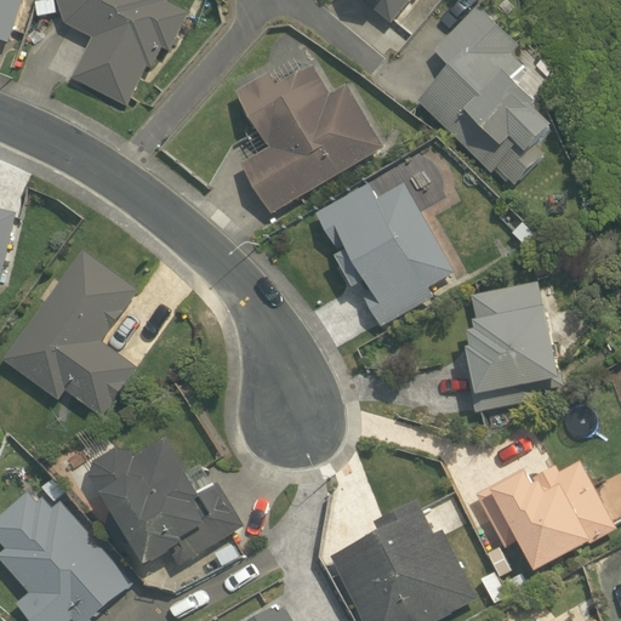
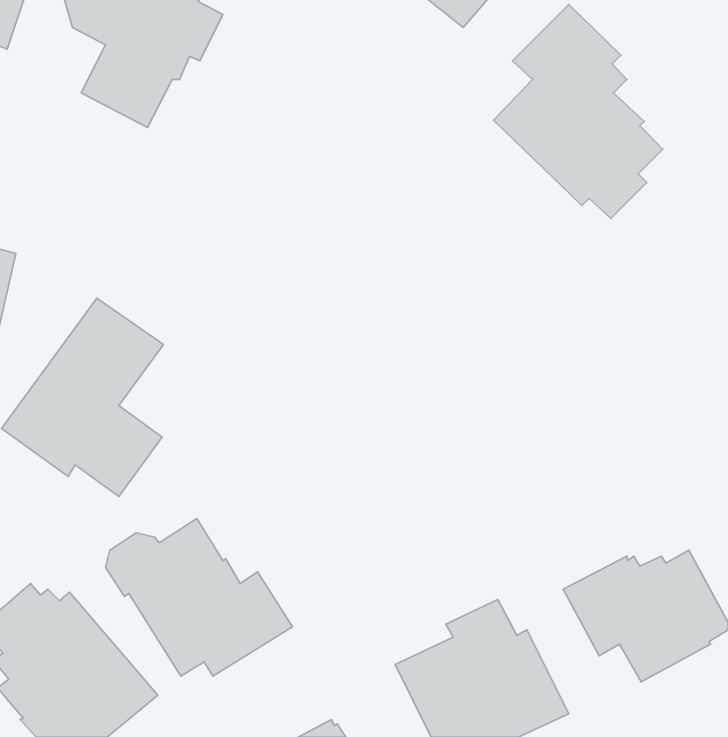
building: [234,63,382,211] -> none
building: [315,183,454,327] -> none
building: [463,281,564,414] -> none

